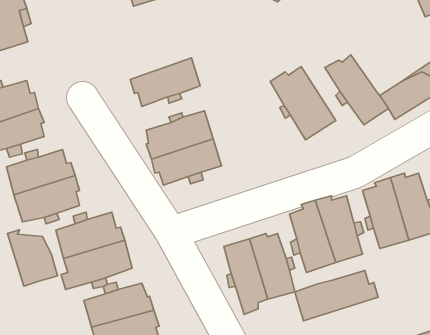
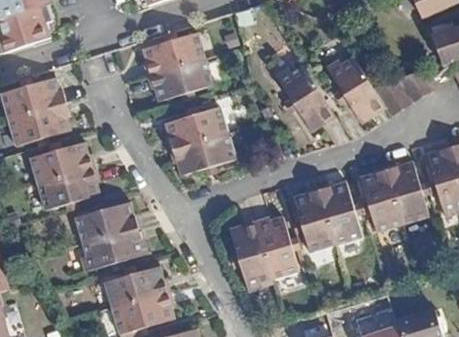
building: none -> [139,30,202,76]
building: [7,230,57,286] -> none
building: [295,271,378,321] -> none

